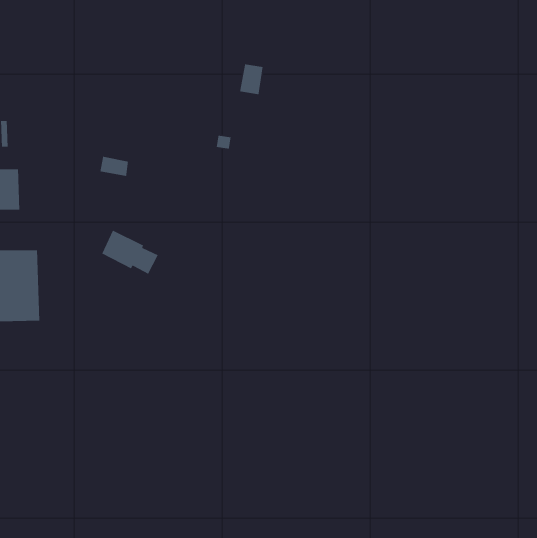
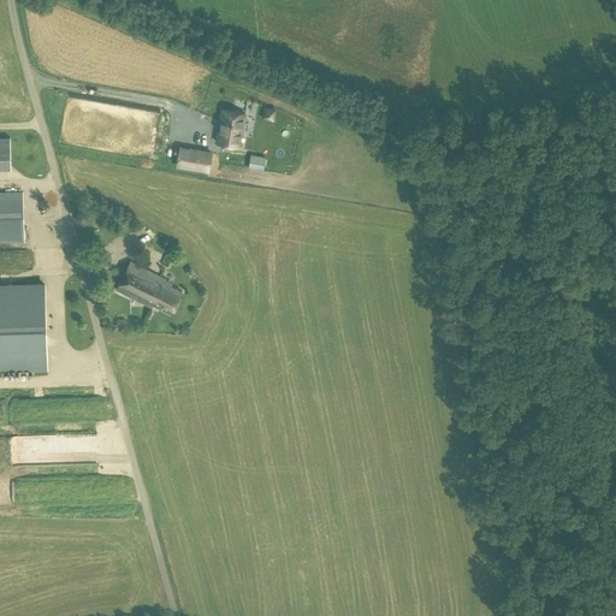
building: [239,63,264,95] -> [215,109,243,146]
building: [99,156,129,177] -> [176,147,209,171]

